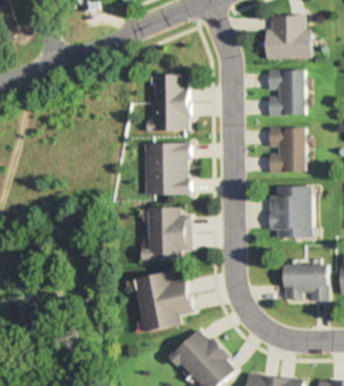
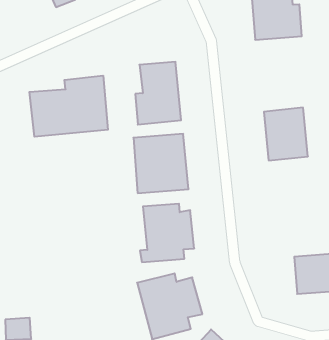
building: [266,70,304,115] -> none
building: none -> [29,76,108,137]
building: [269,186,311,240] -> none

